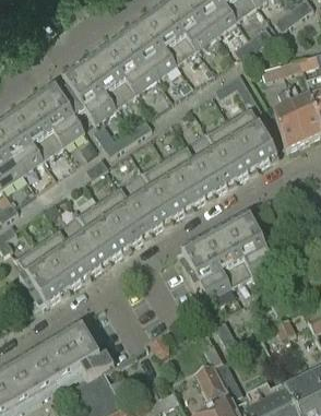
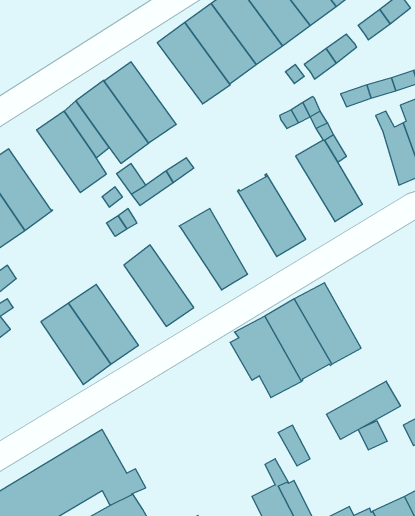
building: [104,33,157,94] -> none
building: [274,87,305,148] -> none
building: [12,98,66,158] -> none
building: [205,118,257,180] -> none
building: [163,144,213,206] -> none
building: [118,171,171,231] -> none
building: [78,200,130,260] -> none
building: [15,242,68,304] -> none
building: none -> [326,381,400,439]

